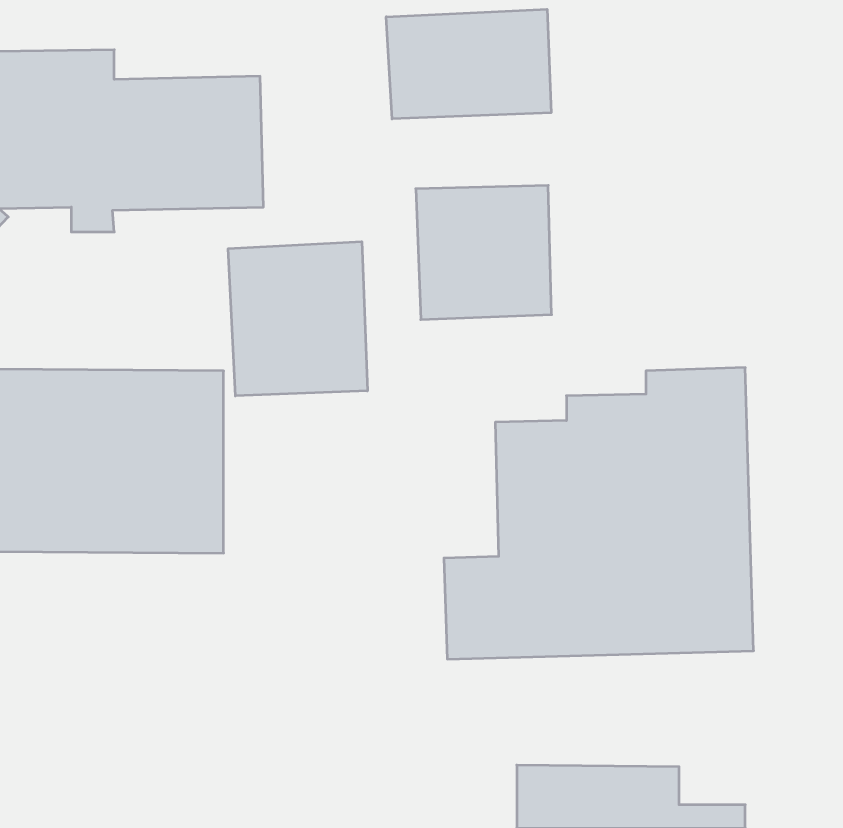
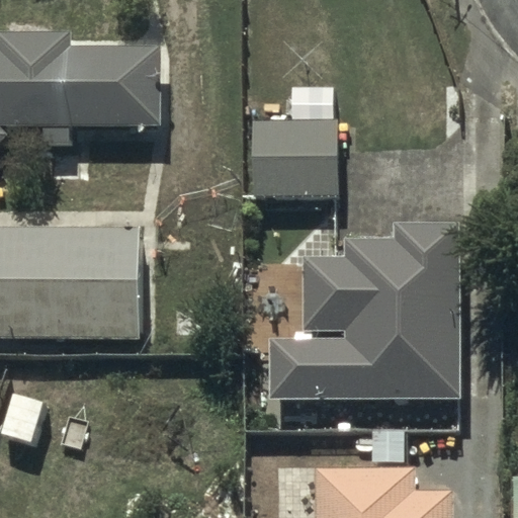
building: [386,9,551,119] -> none
building: [228,242,367,396] -> none

